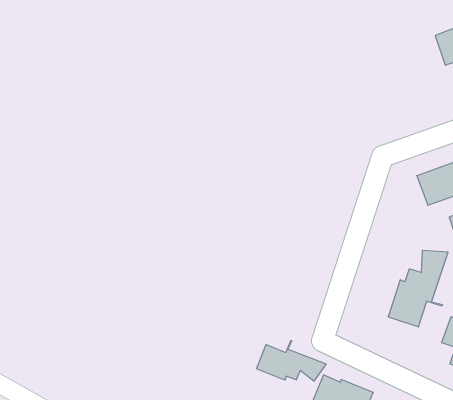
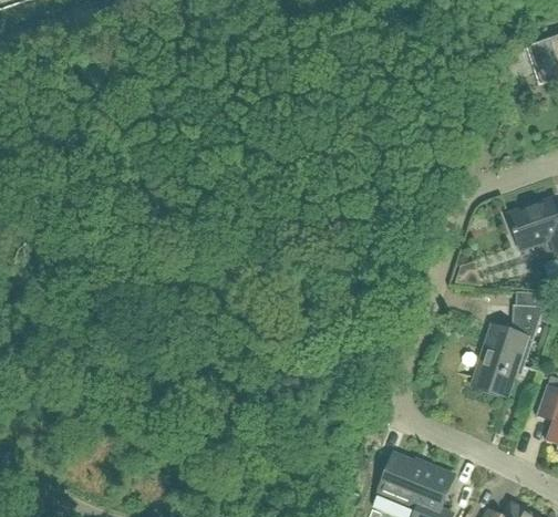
building: [257,341,326,381] -> none

